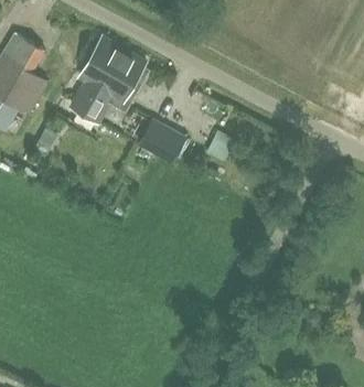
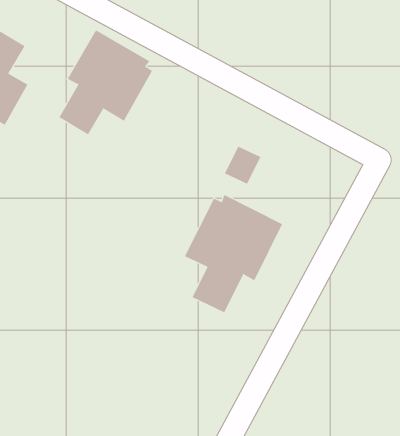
building: [137,118,184,162] -> none
building: none -> [184,194,283,313]

